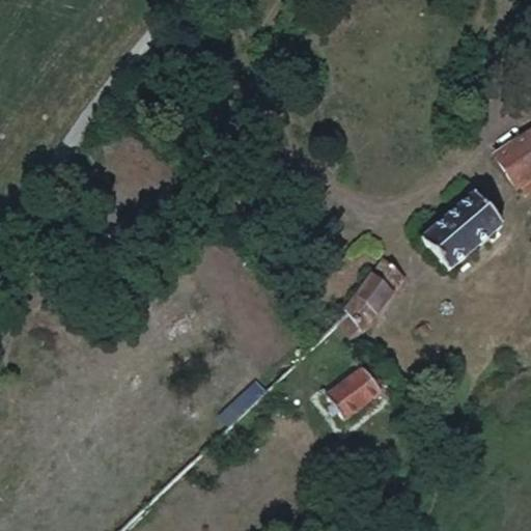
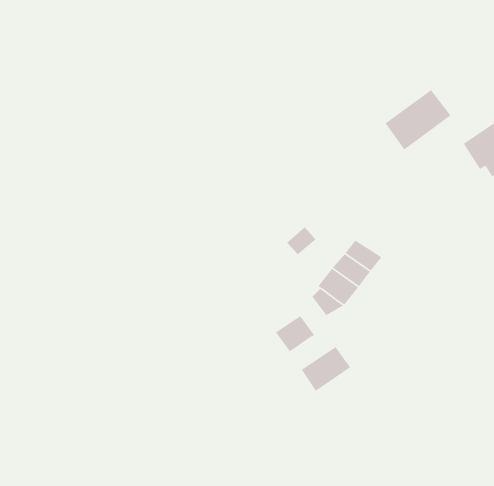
building: [428,193,500,258] -> [385,89,452,150]
building: none -> [275,315,315,352]

